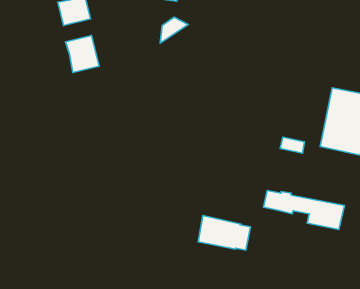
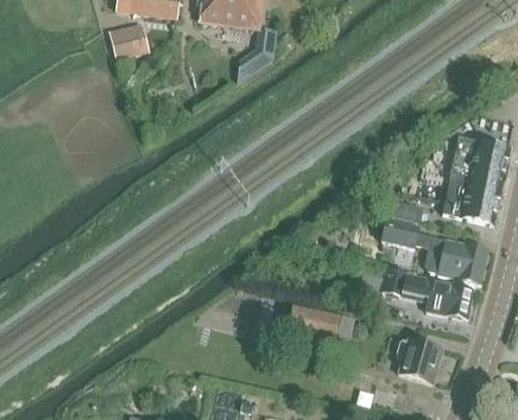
building: [66,35,99,72] -> none
building: none -> [381,219,488,284]
building: none -> [397,339,443,383]

